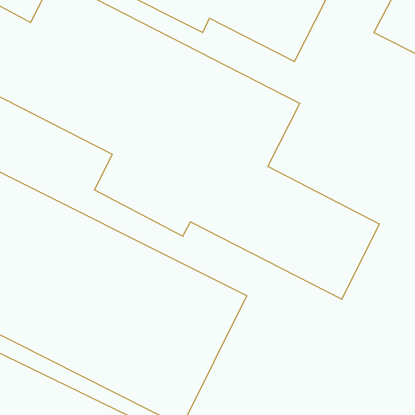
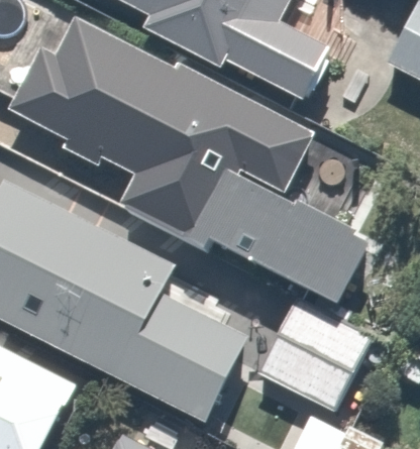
building: none -> [252,297,368,412]

